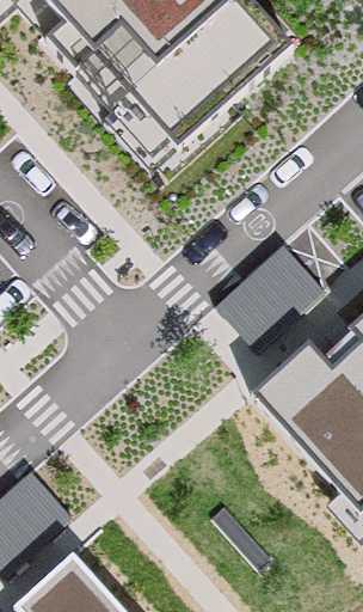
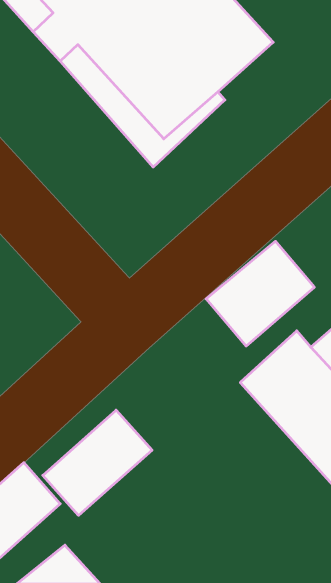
building: none -> [43,410,152,515]

